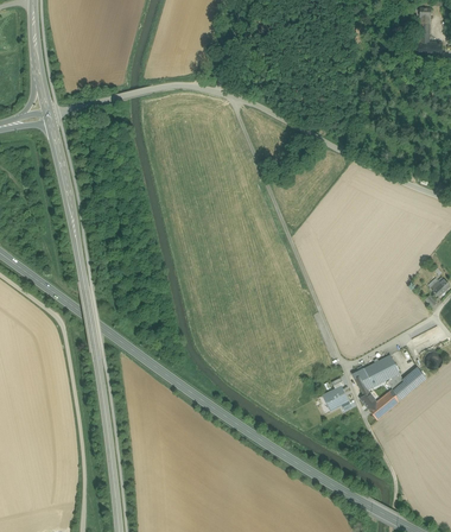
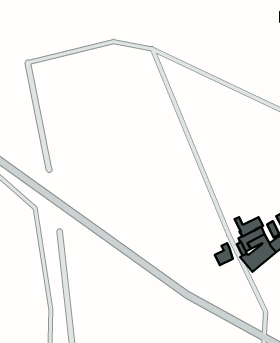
building: none -> [235,217,263,236]

